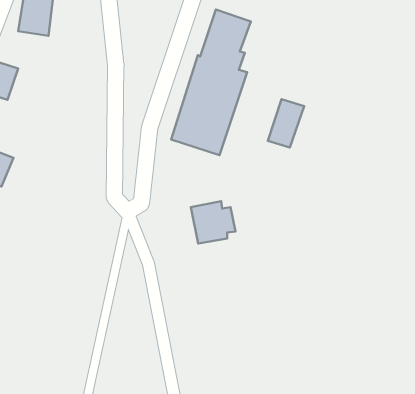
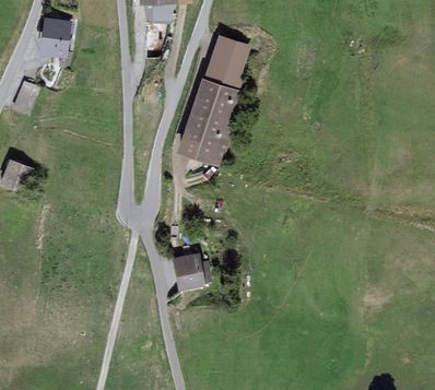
building: [268,99,304,147] -> none
building: [191,201,235,243] -> [172,252,212,291]

